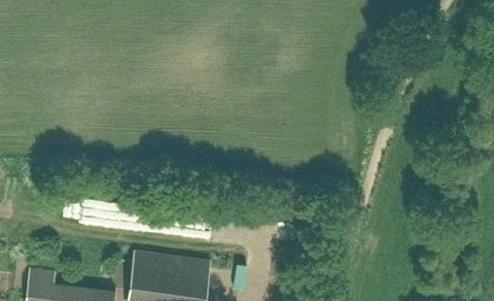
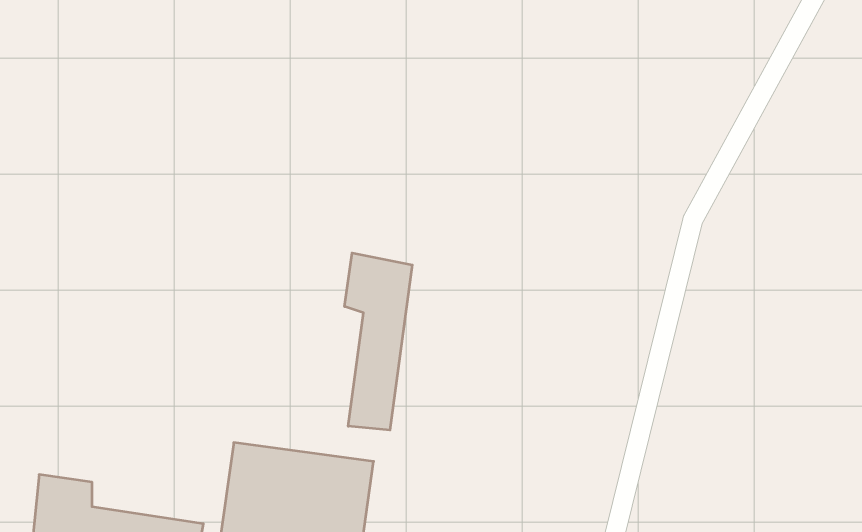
building: none -> [345,253,412,430]

